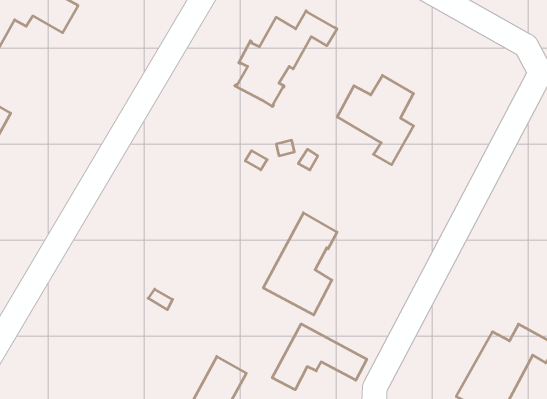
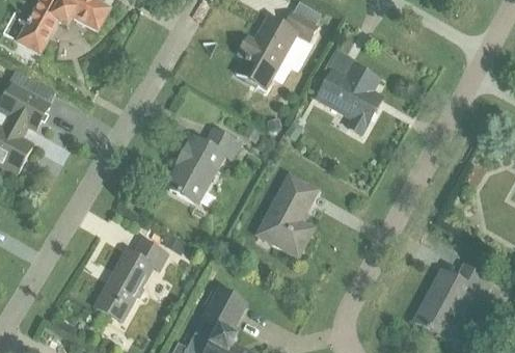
building: none -> [169,128,239,202]
building: none -> [96,239,168,315]
building: [272,324,367,390] -> none

